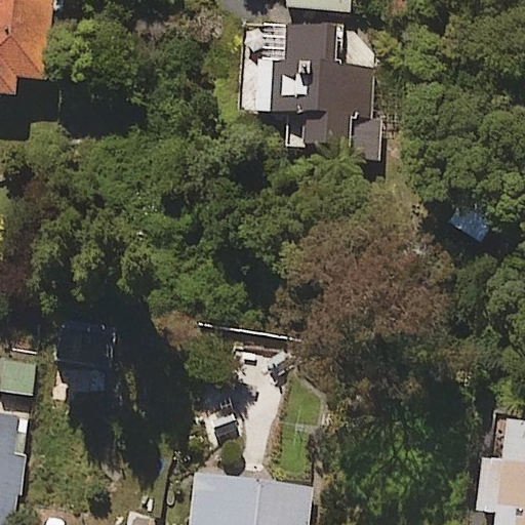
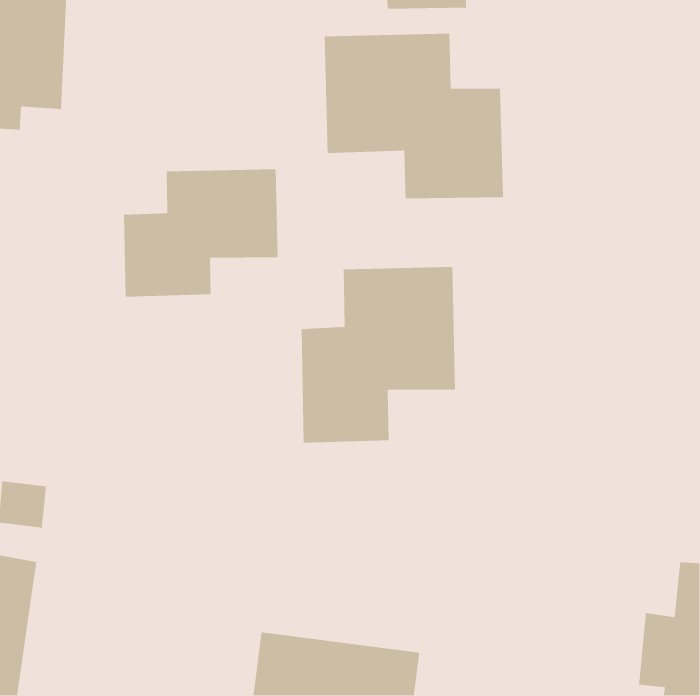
building: none -> [123,168,278,297]
building: none -> [301,266,456,444]

